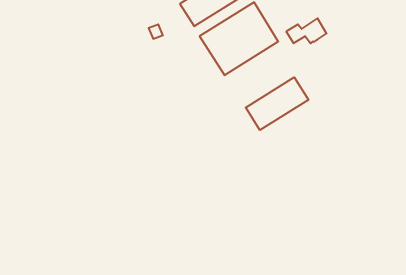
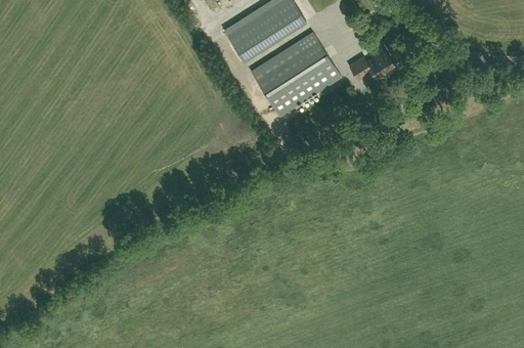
building: [246,77,308,130] -> none

